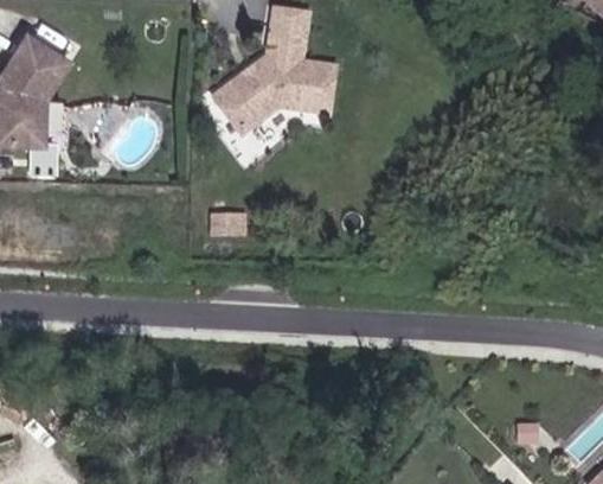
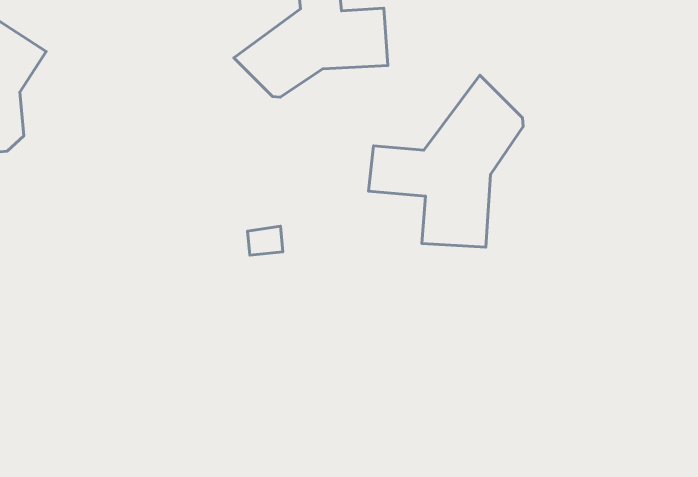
building: none -> [368,75,523,247]

